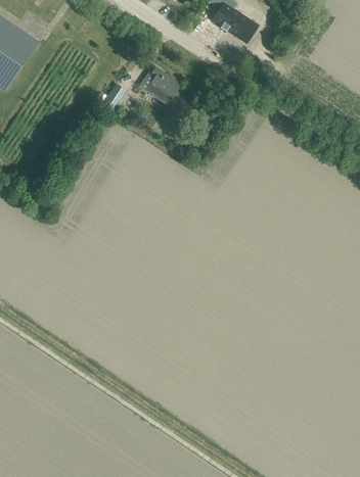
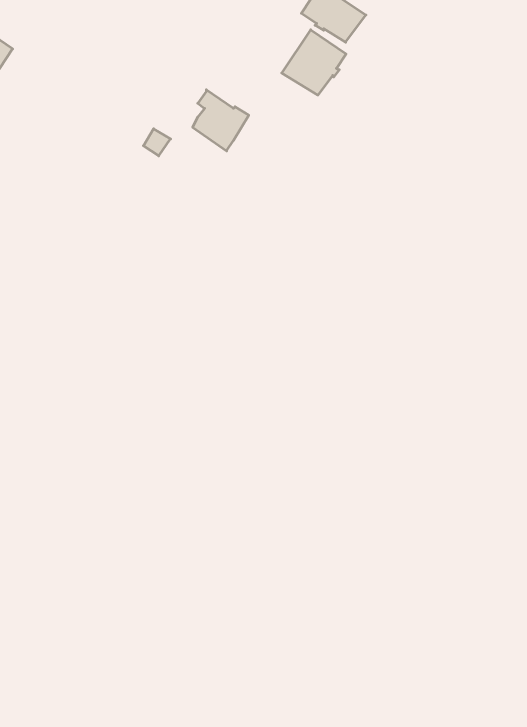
building: none -> [282,30,346,95]

